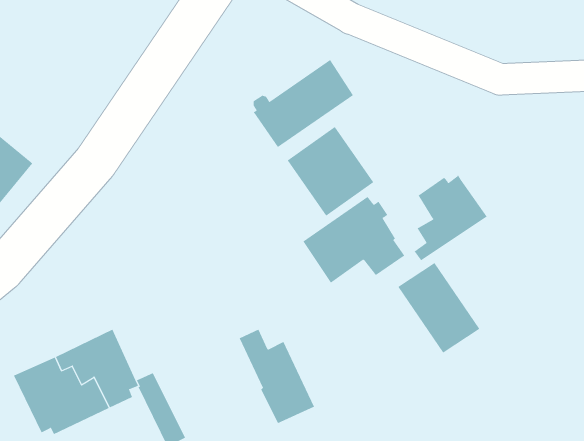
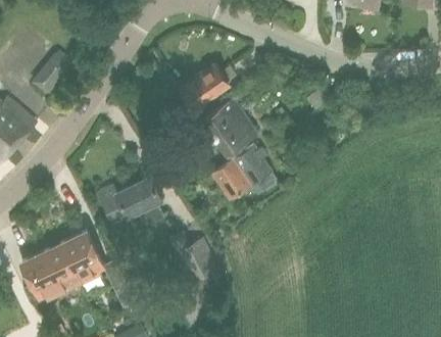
building: none -> [32,48,76,95]
building: [414,175,487,261] -> none
building: none -> [98,176,164,225]
building: [397,262,480,354] -> none

